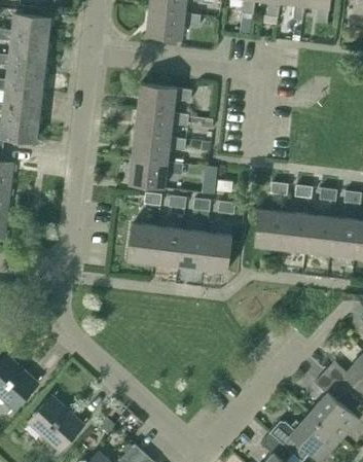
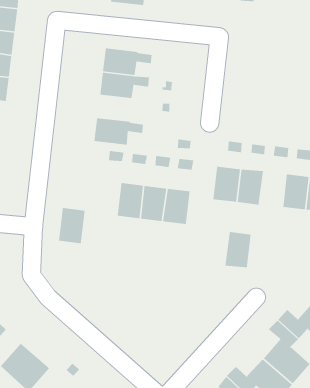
building: [132,134,185,162] -> none
building: [304,214,333,253] -> [224,231,251,268]
building: [129,223,157,262] -> [58,207,85,244]

